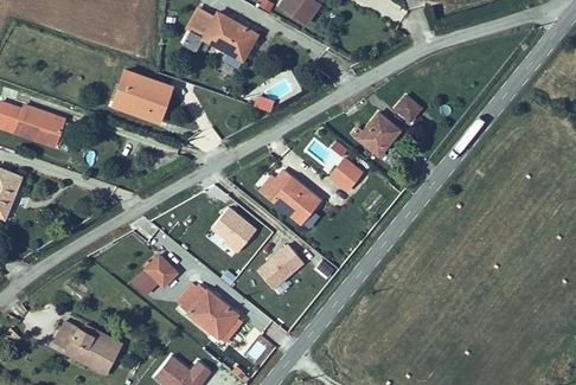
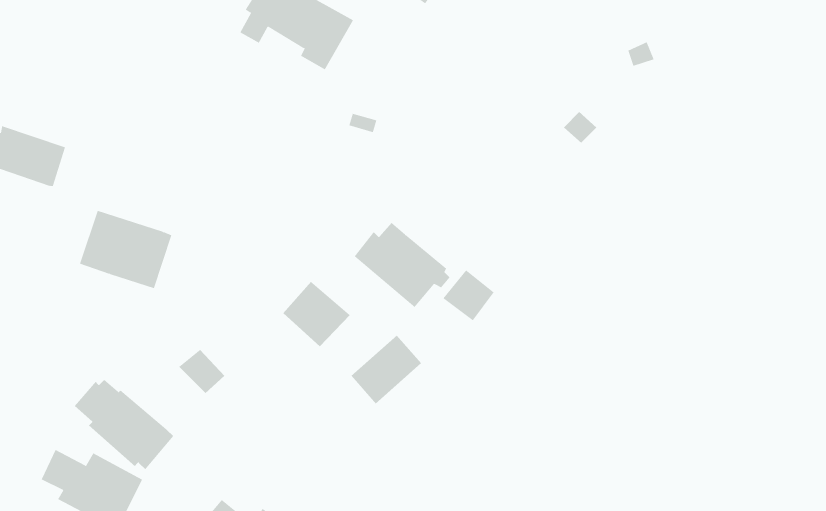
building: [110,71,172,123] -> [79,210,172,289]
building: [353,113,399,155] -> none
building: [327,158,361,192] -> [443,269,494,321]
building: [178,283,244,344] -> [74,379,174,470]

